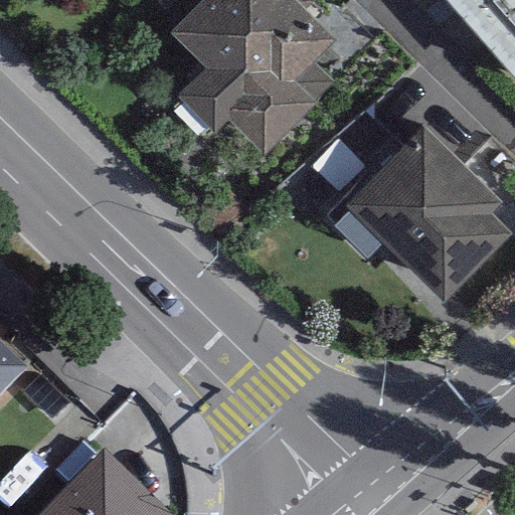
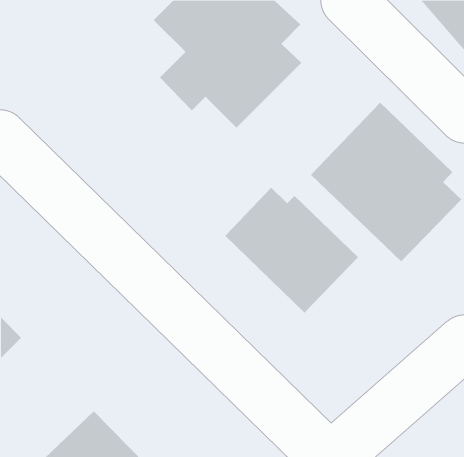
building: none -> [224,187,359,313]

